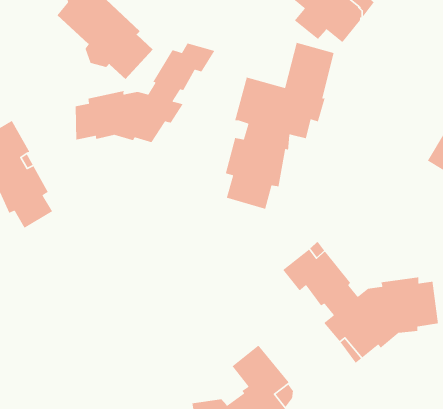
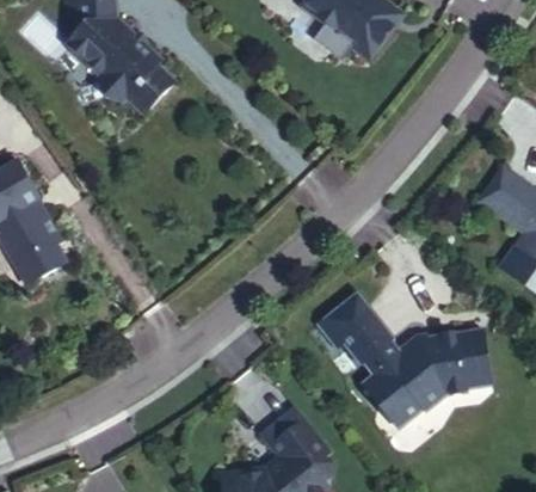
building: [225,42,335,210] -> none
building: [75,43,215,143] -> none

